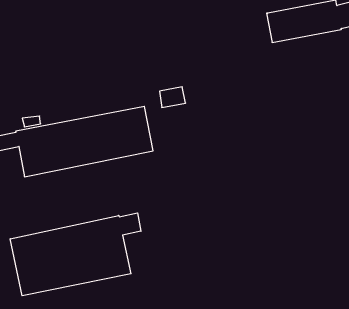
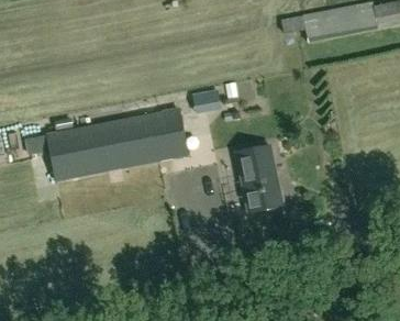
building: none -> [236,145,284,212]
building: [10,213,141,296] -> none

